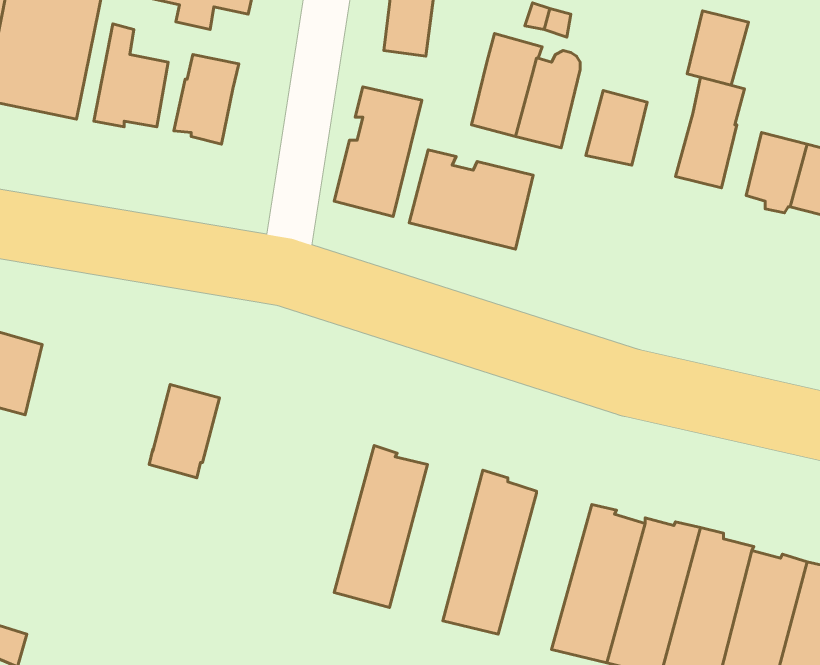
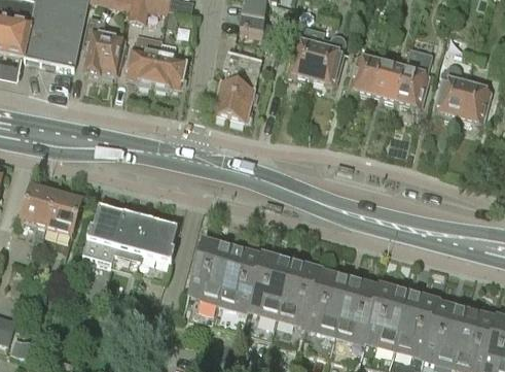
building: [687,11,748,85] -> [373,58,406,98]
building: none -> [152,50,185,83]
building: [409,150,533,249] -> none
building: none -> [46,189,81,233]
building: none -> [81,203,124,262]
building: none -> [142,214,177,261]
building: none -> [188,238,235,323]
building: none -> [243,252,293,338]
building: none -> [301,269,352,353]

